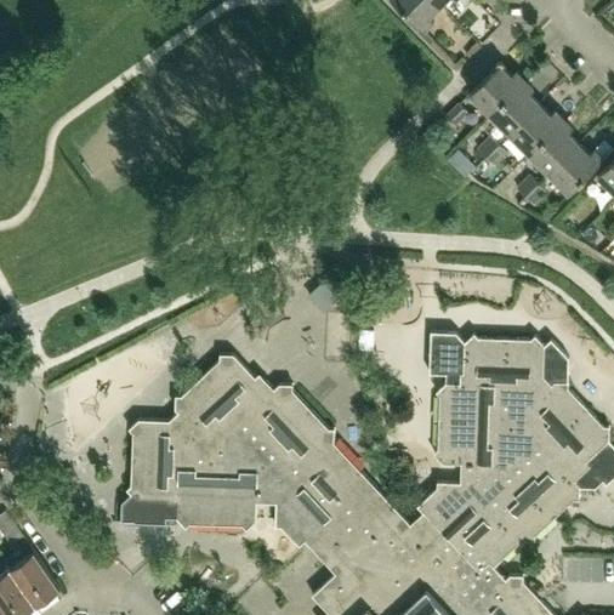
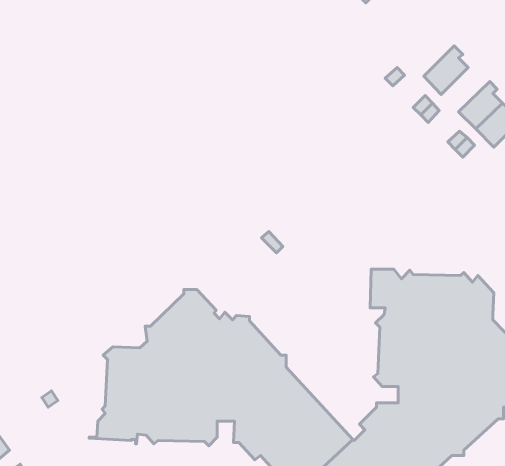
building: [468,67,523,116] -> none
building: [508,107,563,156] -> none

